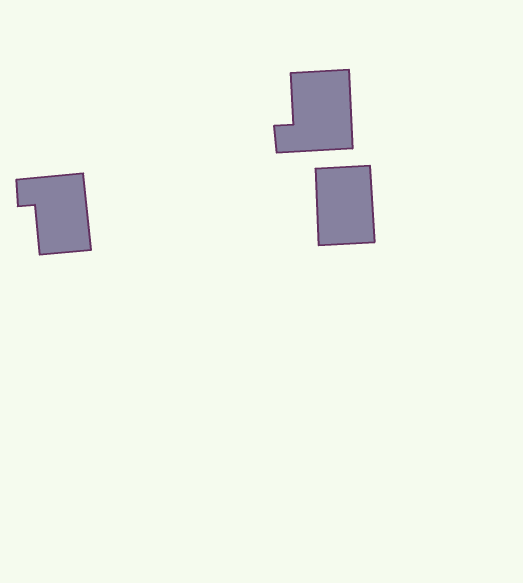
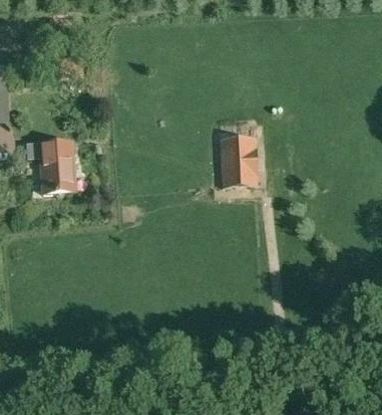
building: [274,70,352,153] -> none

